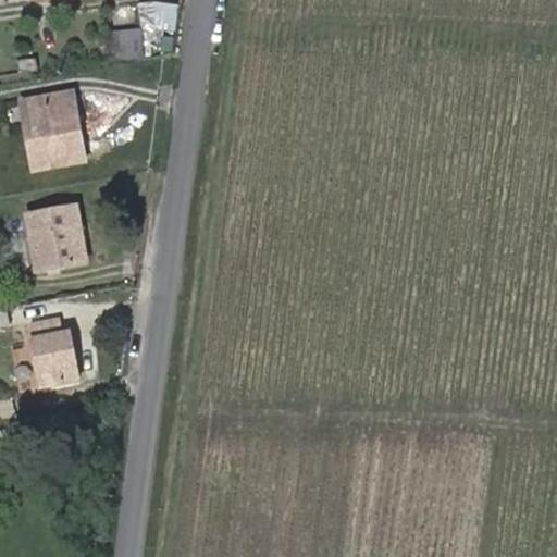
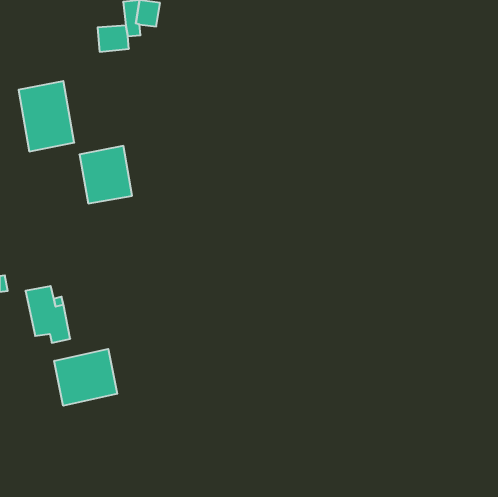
building: [26,205,85,269] -> [79,146,132,203]
building: none -> [54,349,117,406]

